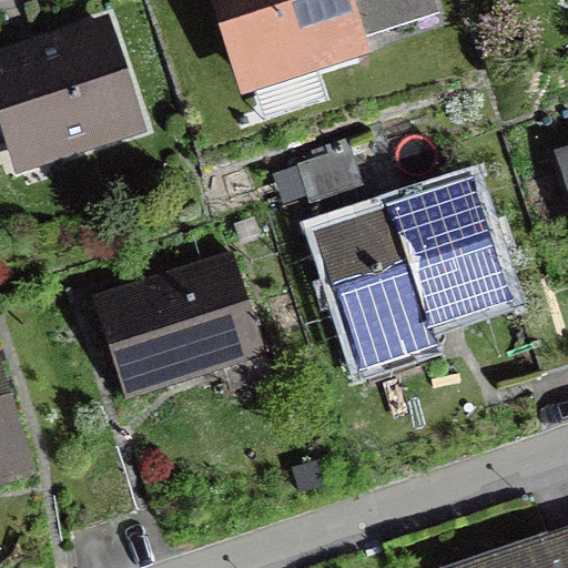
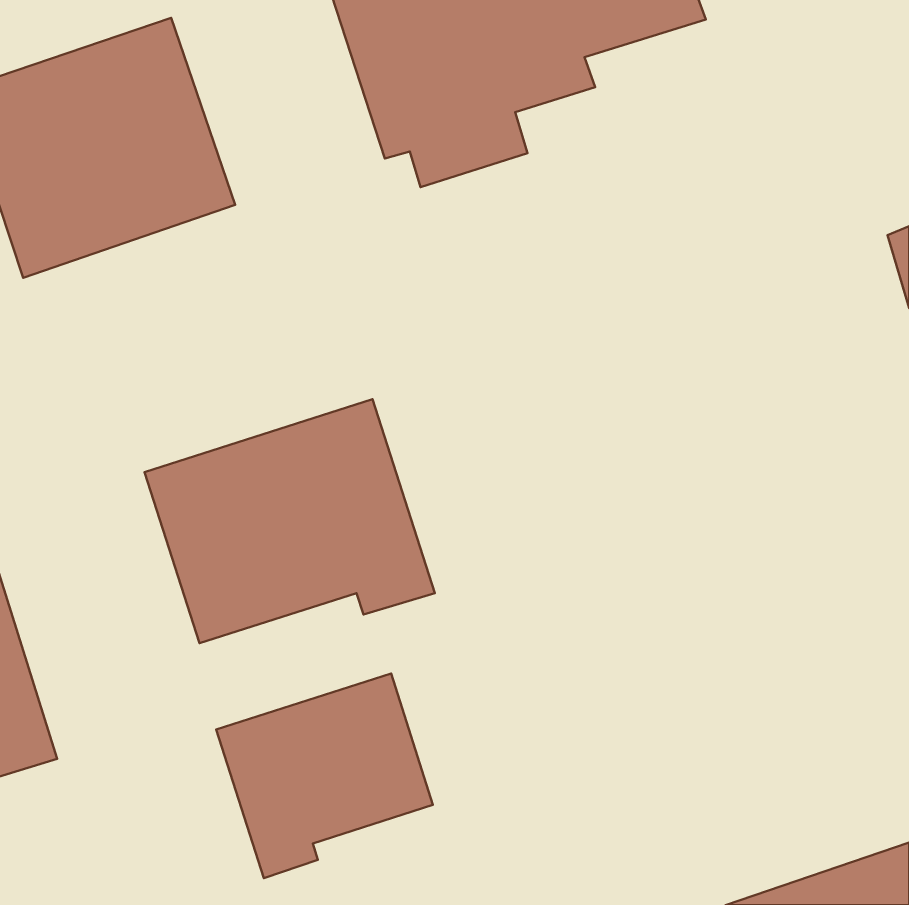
building: [312,174,513,372] -> none
building: none -> [216,673,433,878]

